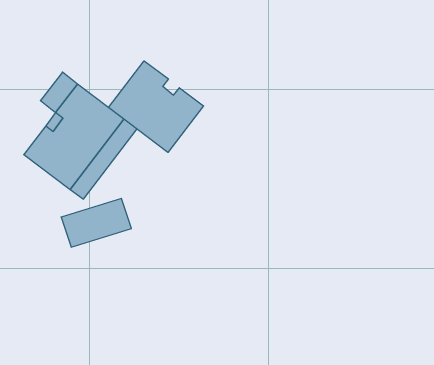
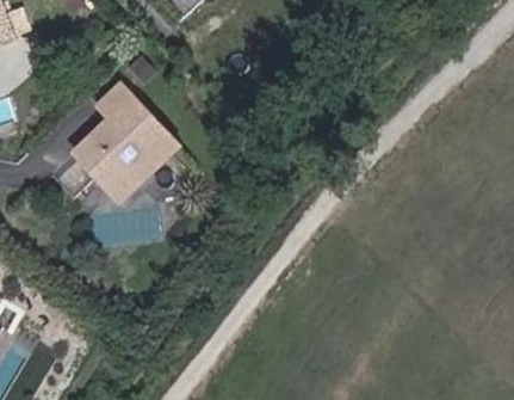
building: [109,61,204,152] -> none

